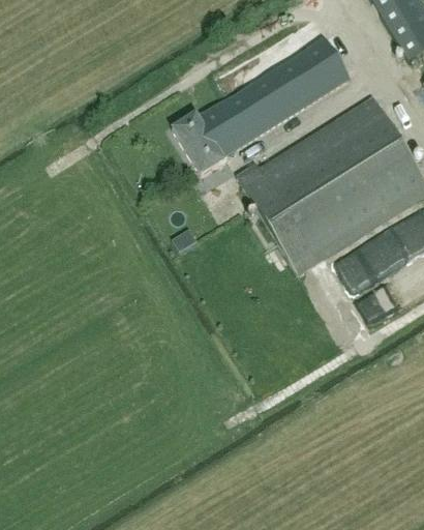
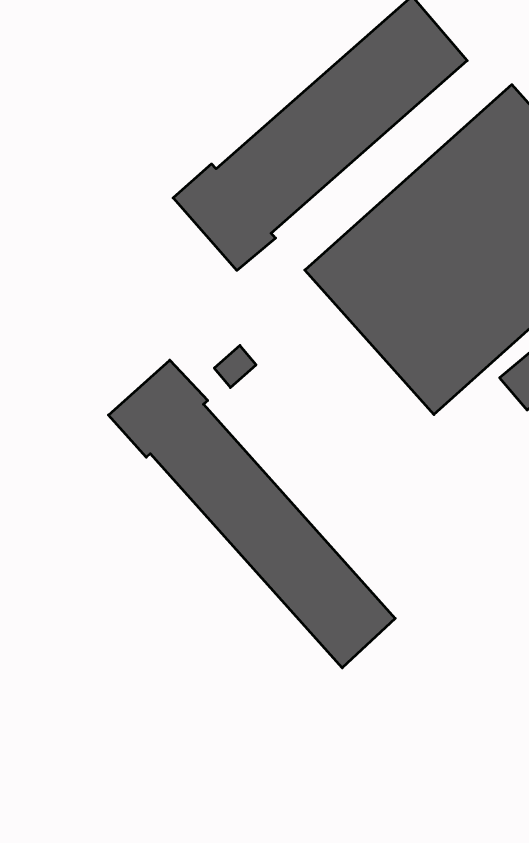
building: none -> [108,360,395,668]

